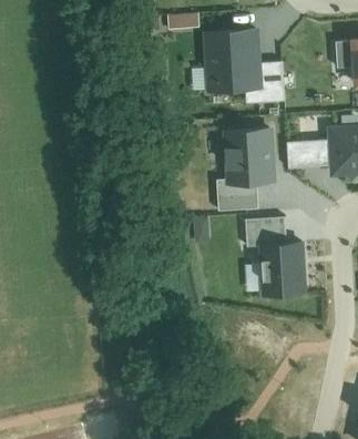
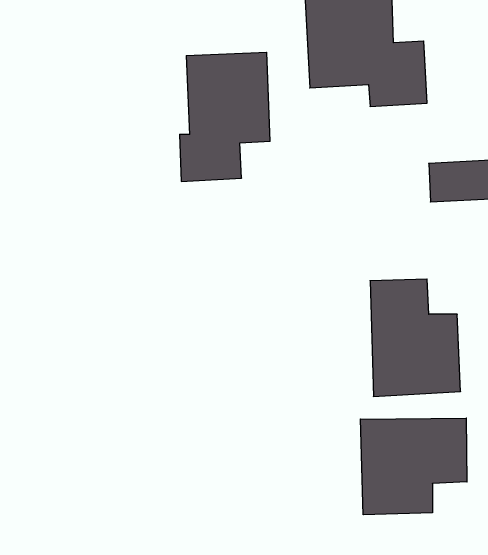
building: [217,124,277,210] -> [180,52,270,181]
building: none -> [360,418,467,515]

